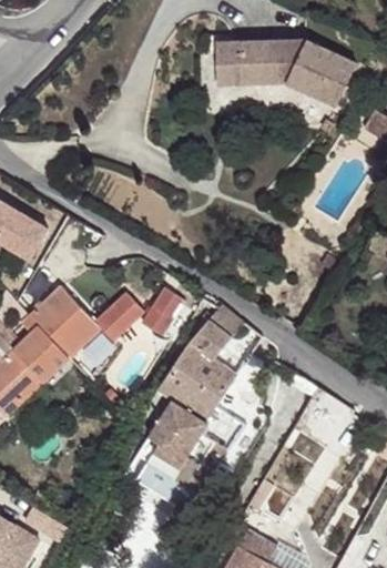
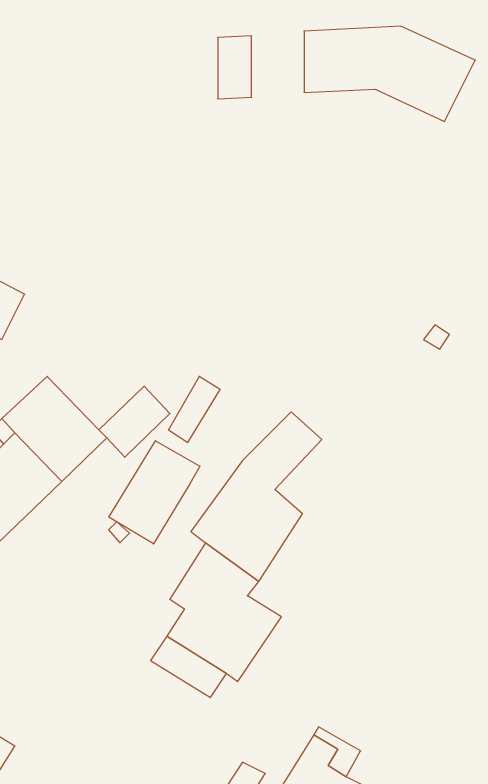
building: [213,47,236,90] -> [218,36,252,99]
building: none -> [109,441,200,544]

